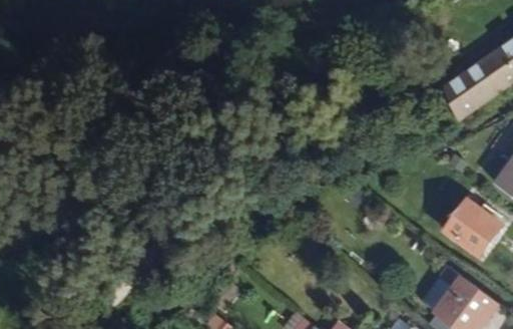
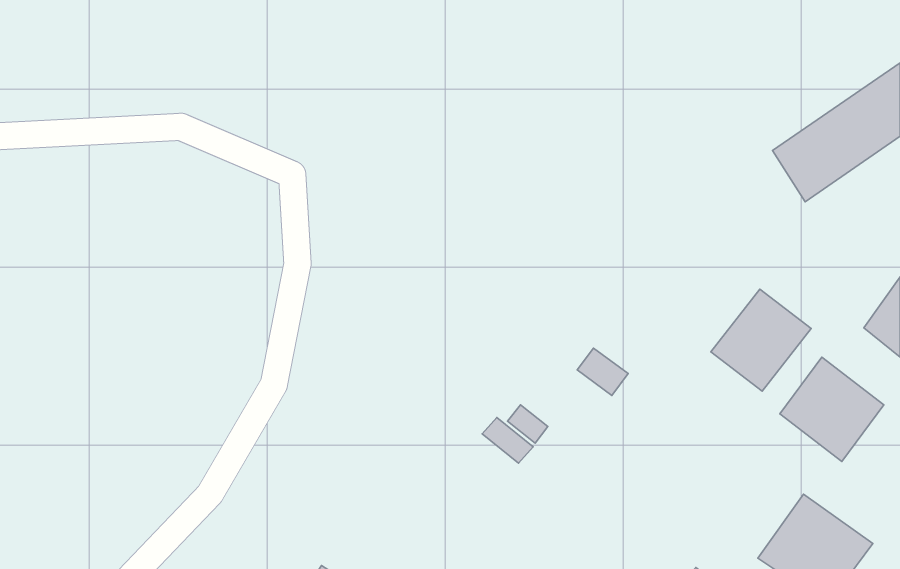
building: none -> [711,289,811,391]

